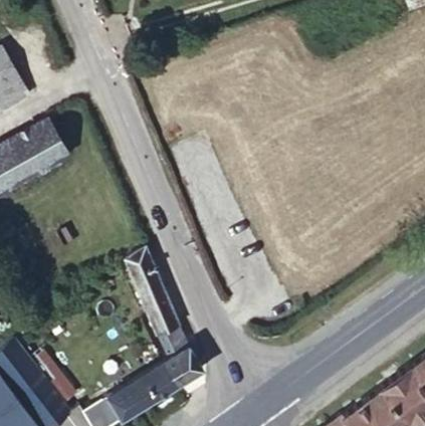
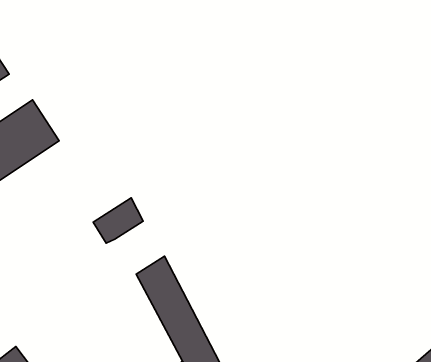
building: [113,248,158,287] -> [93,198,143,243]

